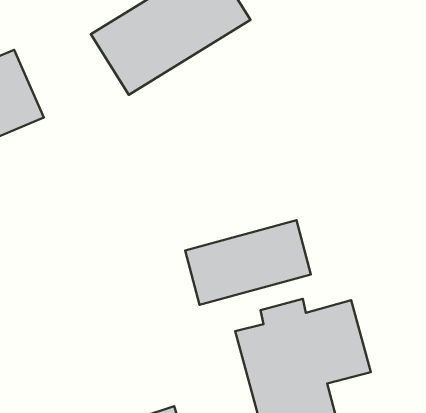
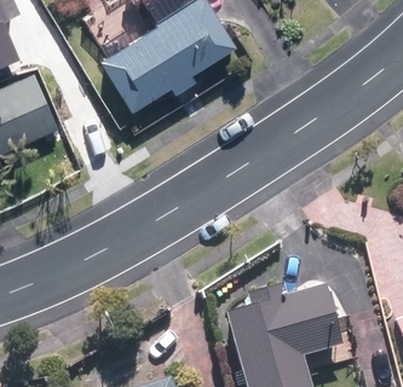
building: [185,220,311,305] -> none

